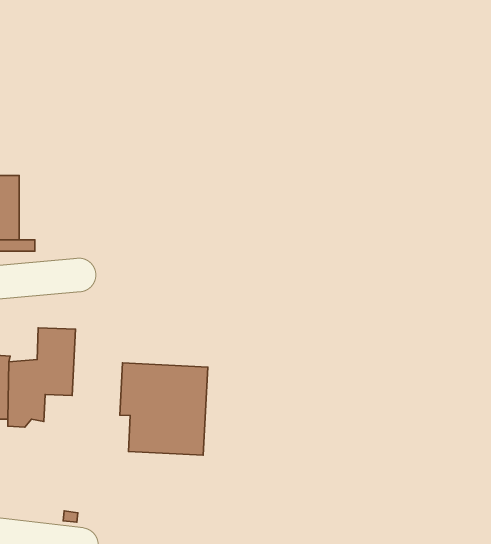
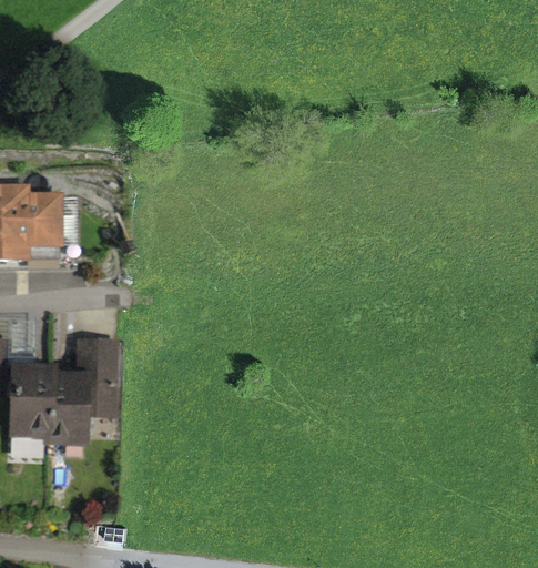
building: [120,363,208,455] -> none

